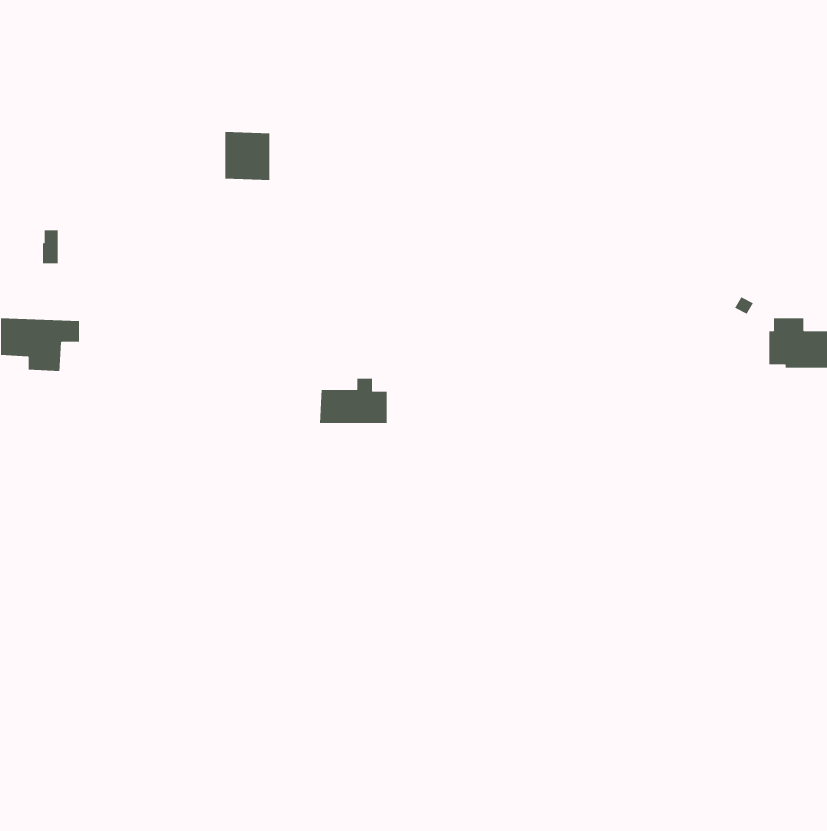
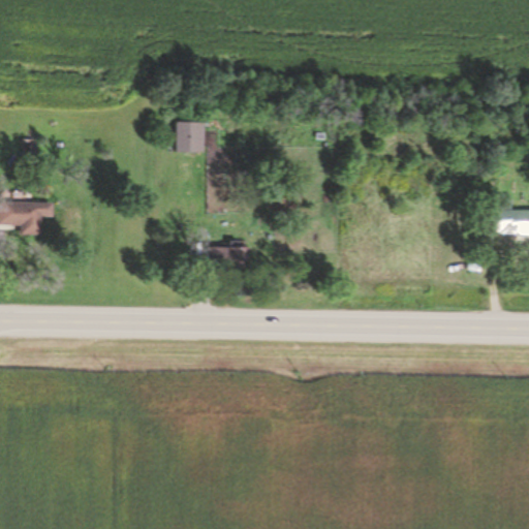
building: [225,131,270,180] -> [177,122,206,153]

